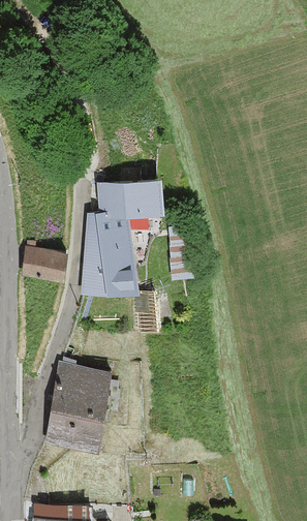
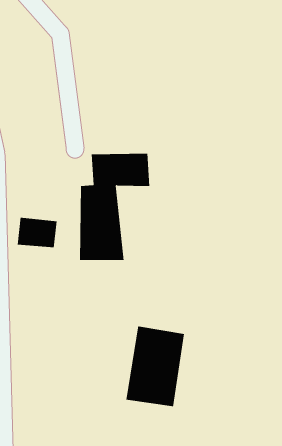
building: [48,364,110,449] -> [126,326,185,407]

